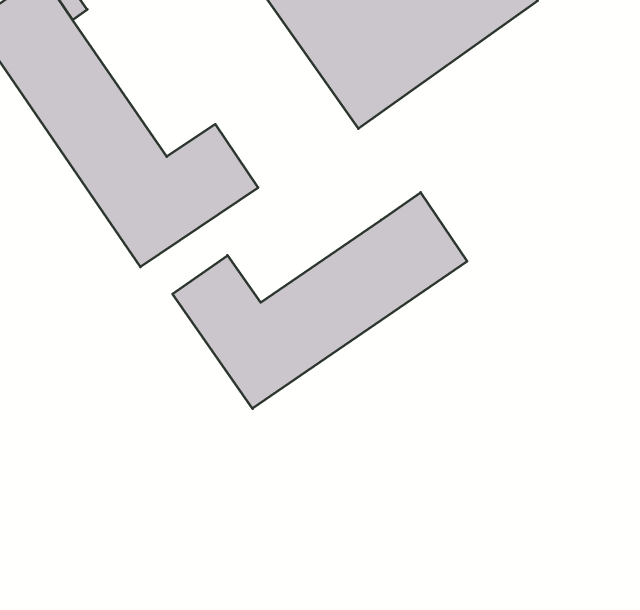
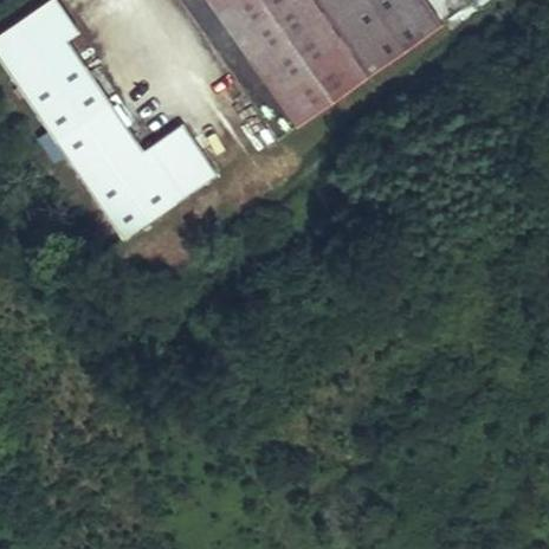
building: [173,192,467,409] -> none

